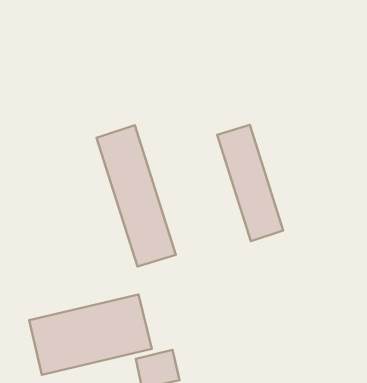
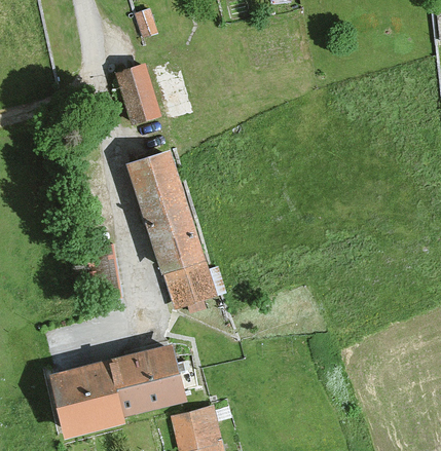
building: none -> [115,65,160,125]
building: [217,125,283,241] -> none

